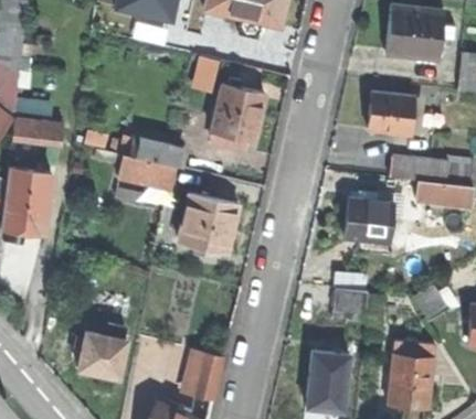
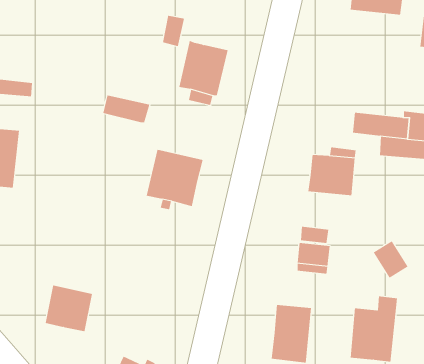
building: [369,92,414,132] -> none
building: [117,153,176,184] -> none
building: [181,350,223,400] -> none

